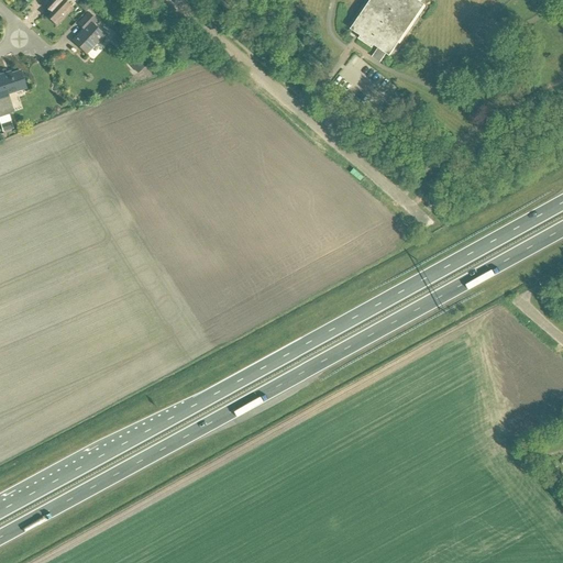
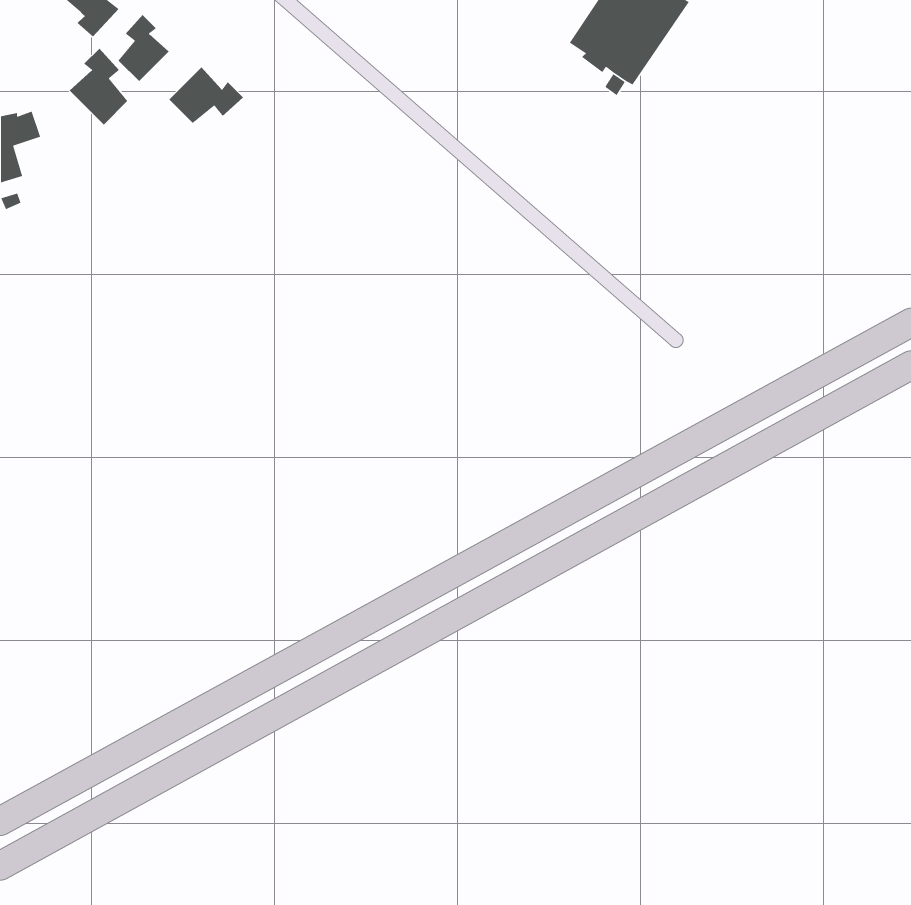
building: none -> [69,48,128,125]
building: none -> [168,67,244,124]

